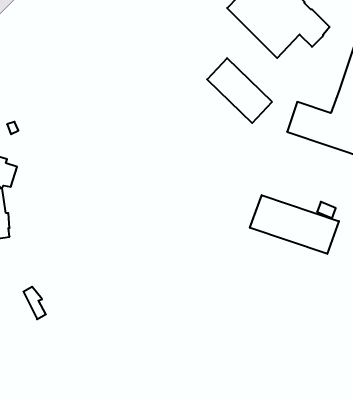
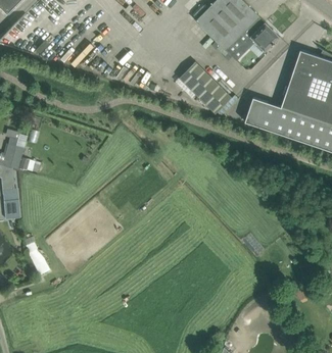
building: [250,195,339,254] -> none

